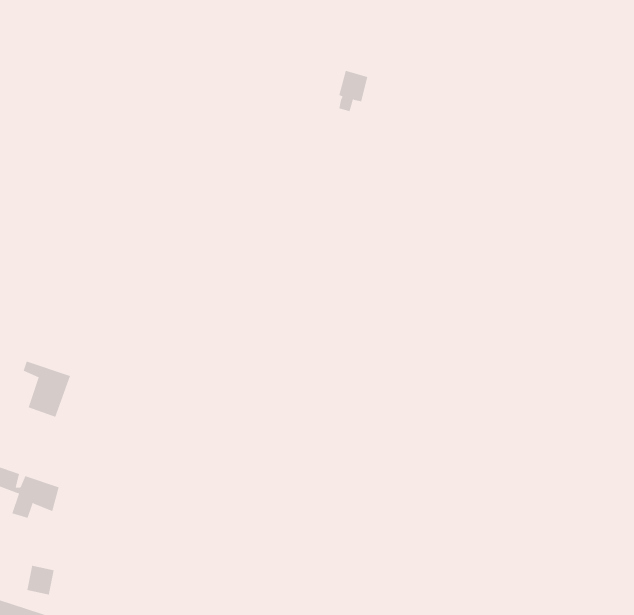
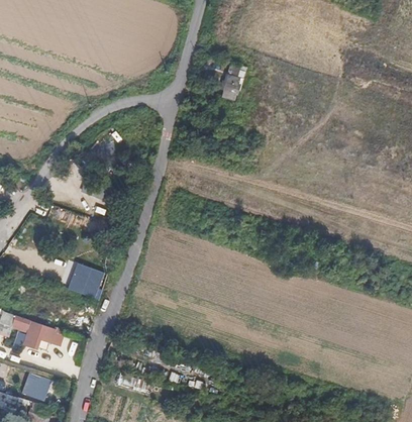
building: [23,361,71,417] -> [73,266,102,300]

